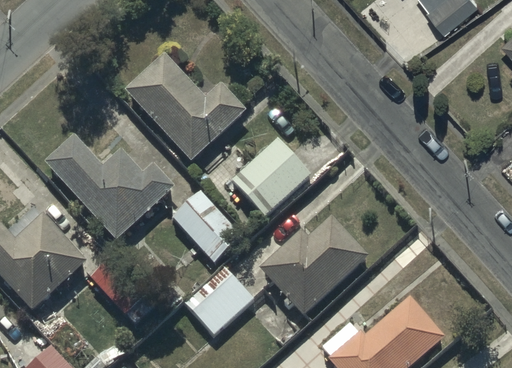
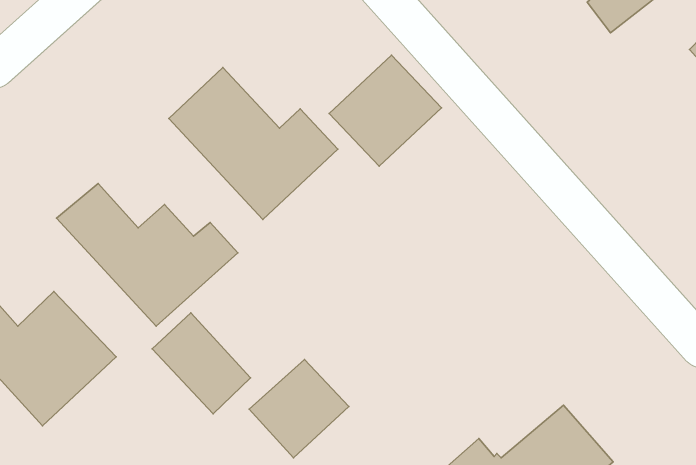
building: [231,138,312,218] -> [329,55,441,166]
building: [171,190,242,263] -> [152,313,250,414]
building: [259,217,368,317] -> none

